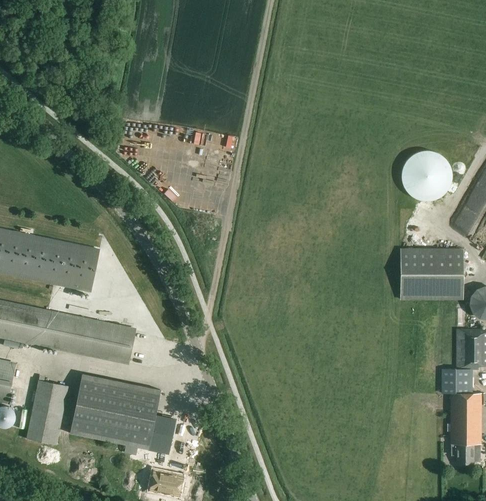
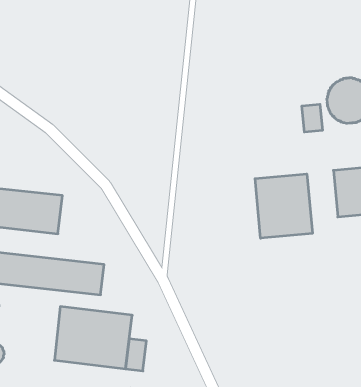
building: none -> [302,104,322,132]
building: none -> [255,174,312,238]
building: [26,380,68,445] -> none

